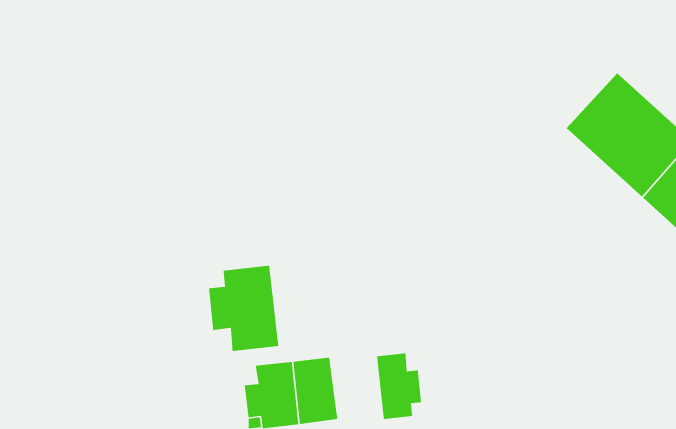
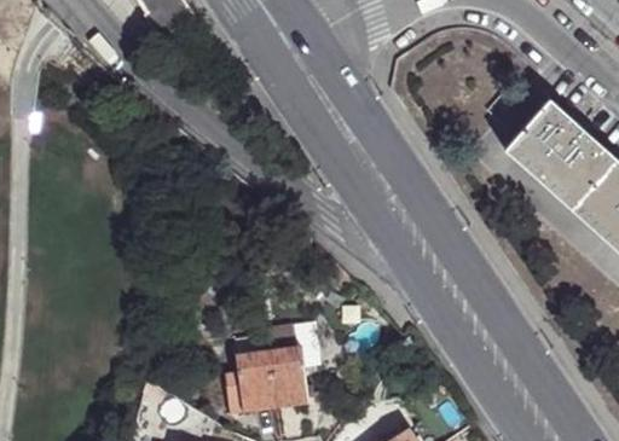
building: [208,265,279,352] -> none
building: [376,353,422,420] -> none

